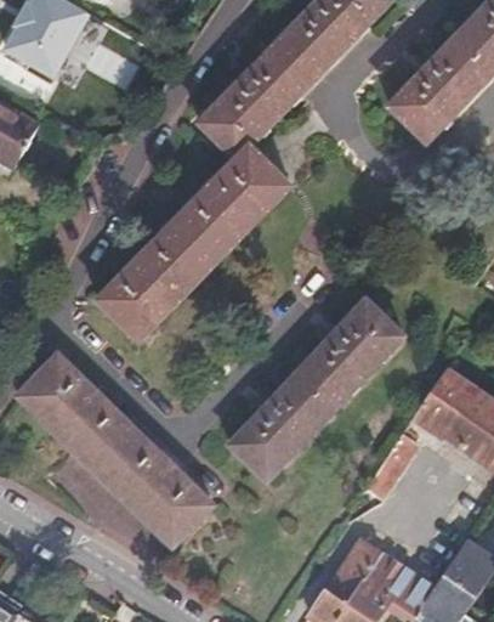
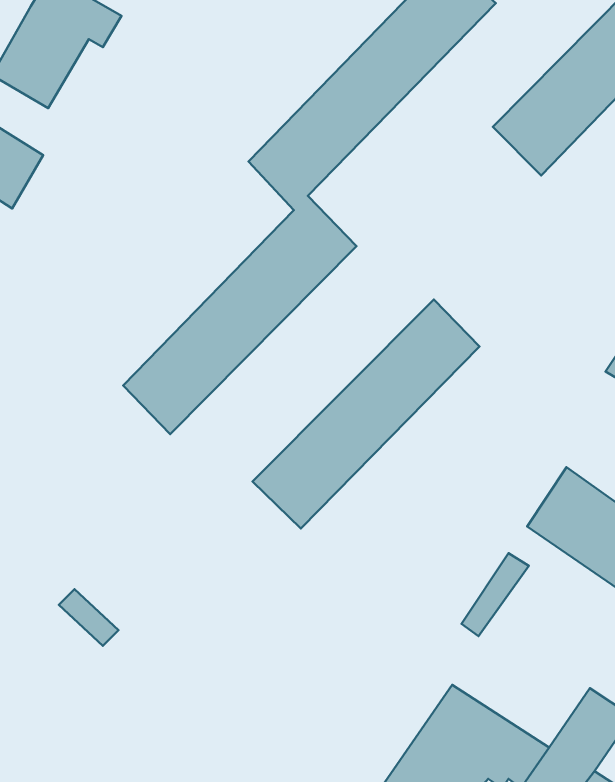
building: [228,305,404,482] -> [252,300,479,528]
building: [19,354,210,543] -> none

